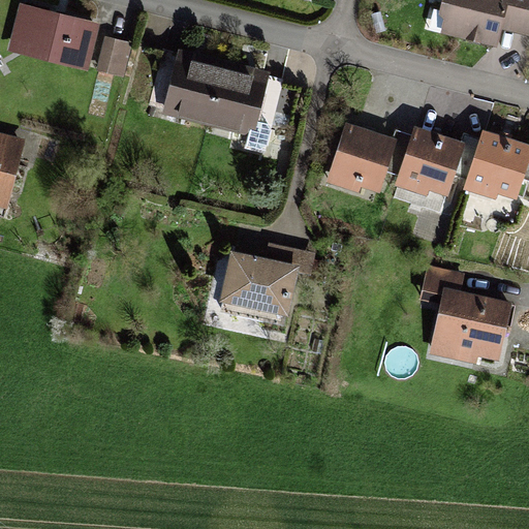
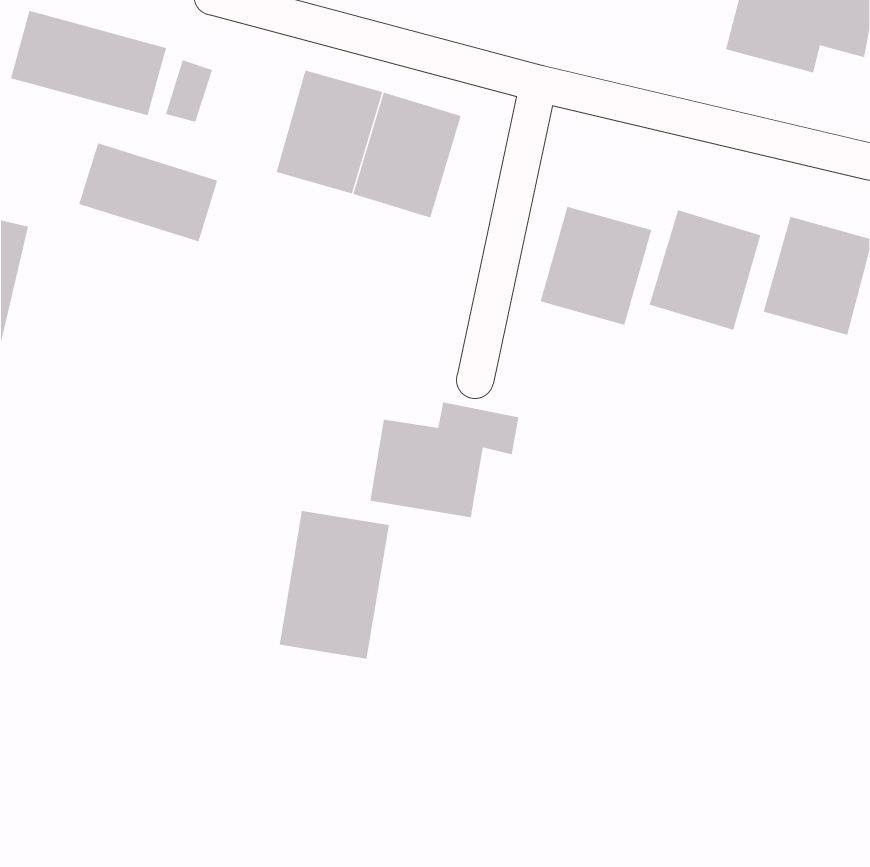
building: none -> [79,143,218,242]
building: [421,270,509,364] -> none
building: none -> [279,510,389,659]

